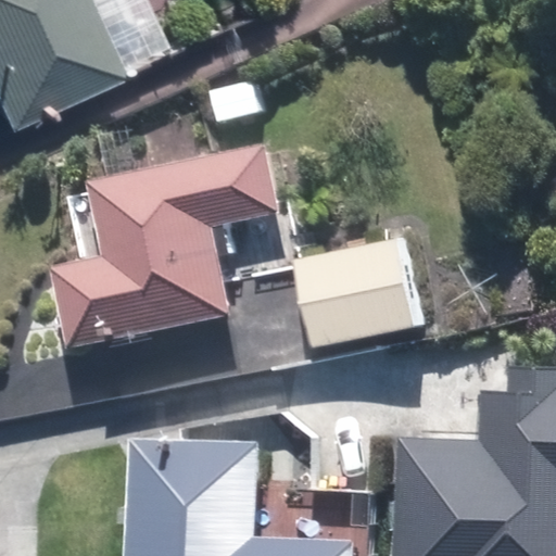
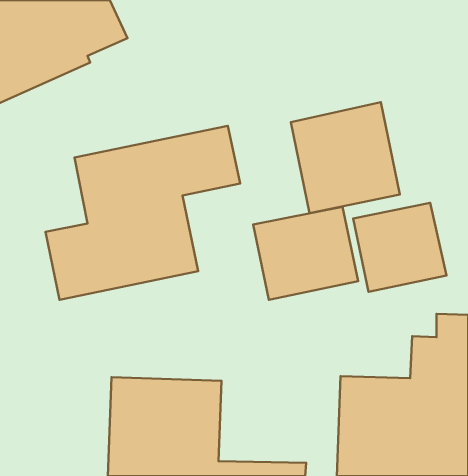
building: none -> [291,102,400,213]
building: none -> [353,203,446,292]

